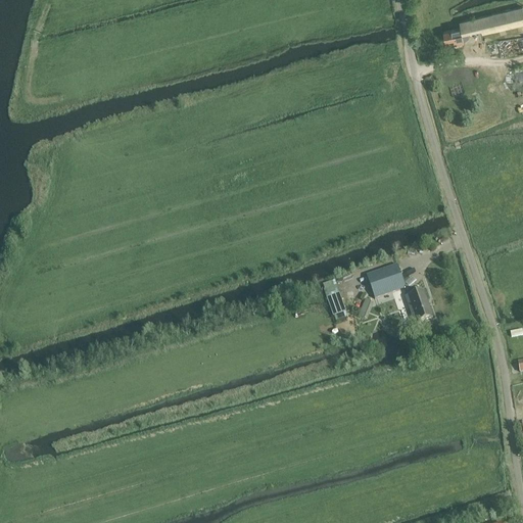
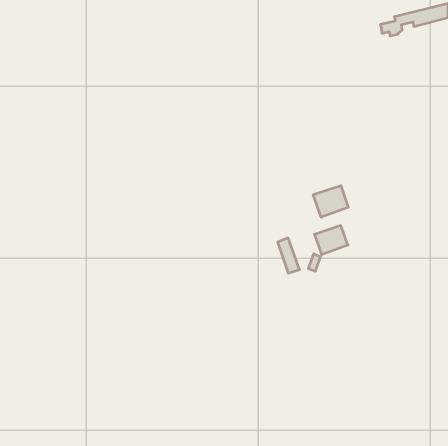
building: none -> [313,186,348,217]
building: [405,288,432,321] -> none

